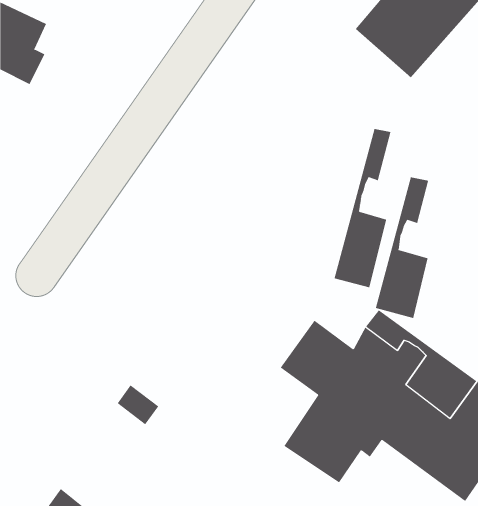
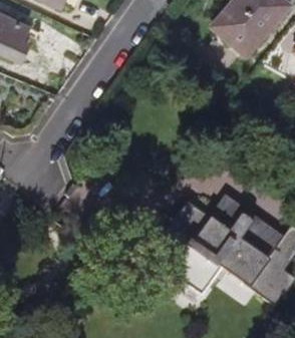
building: [334,128,391,288] -> none
building: [375,176,429,319] -> none

